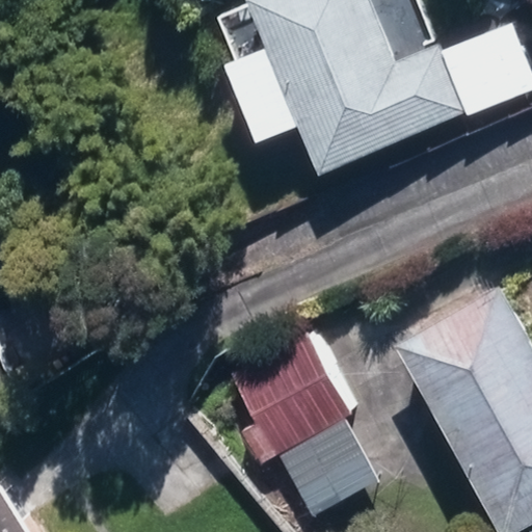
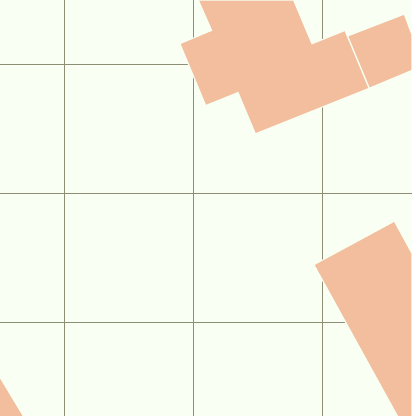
building: [231,331,372,499] -> none

